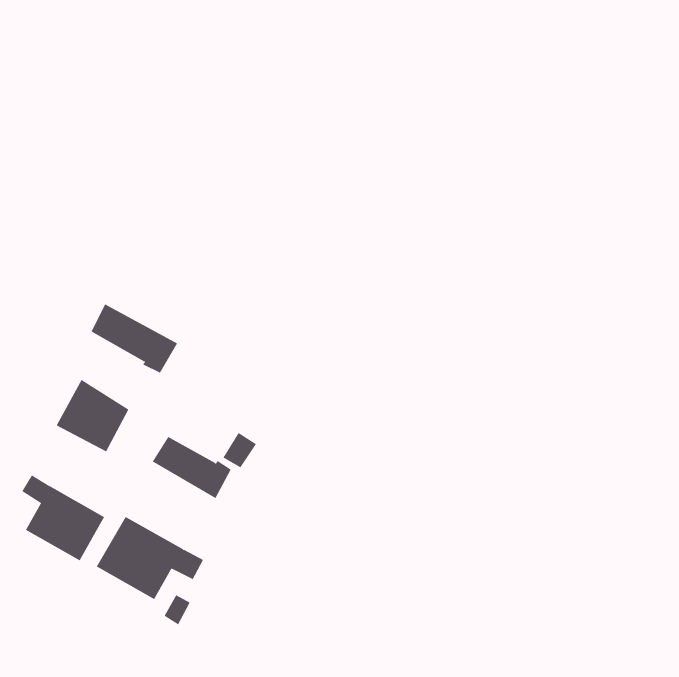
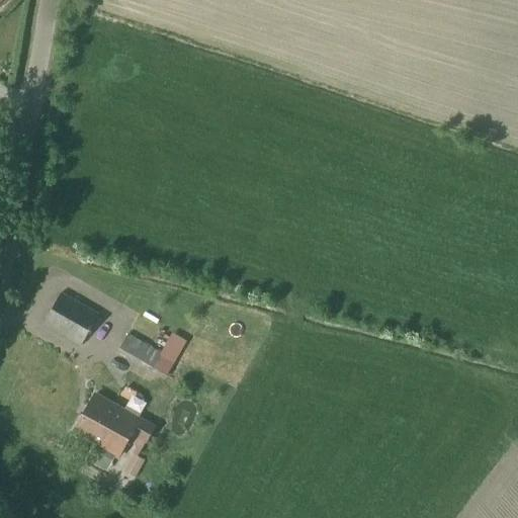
building: [91,303,178,373] -> none
building: [21,475,105,561] -> none

